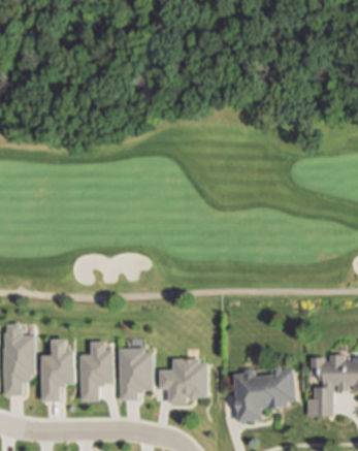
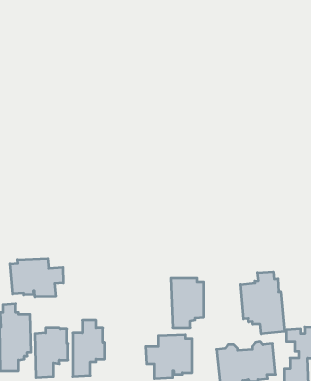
building: none -> [10,259,63,297]
building: none -> [240,272,284,334]
building: [118,350,153,402] -> [171,278,204,328]

